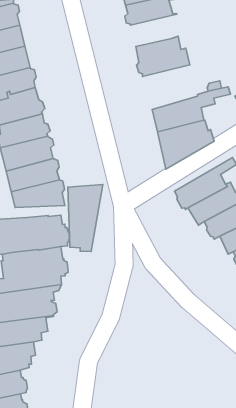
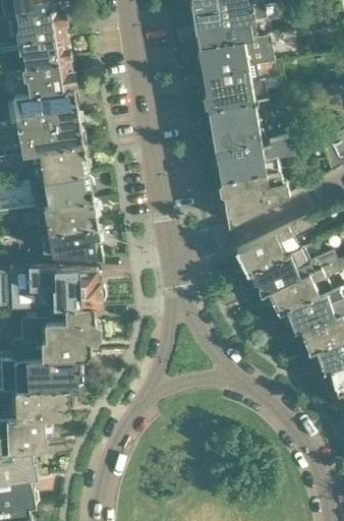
building: none -> [195,37,273,74]
building: none -> [209,102,273,152]
building: [68,185,103,251] -> none

